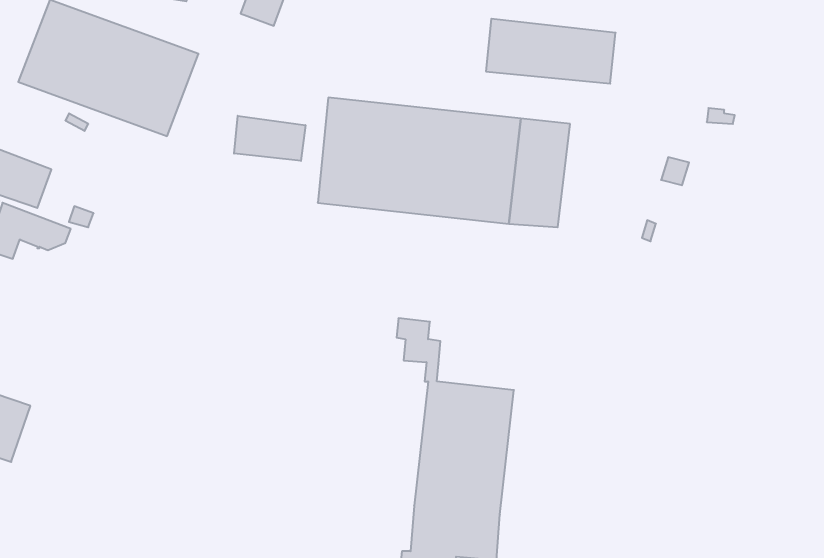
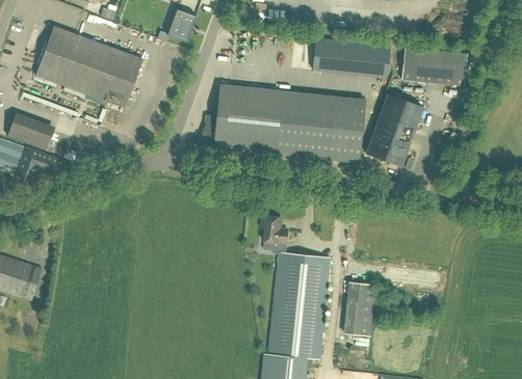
building: none -> [401,47,467,84]
building: none -> [367,92,423,164]
building: [234,116,305,161] -> none
building: none -> [343,281,375,336]

